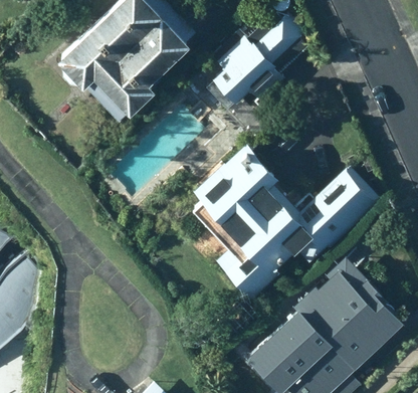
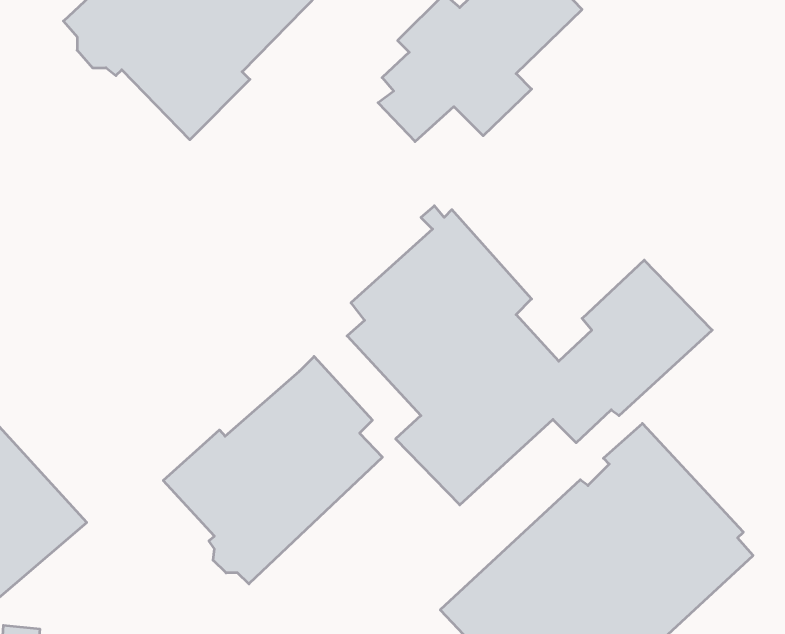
building: none -> [163,356,382,584]

